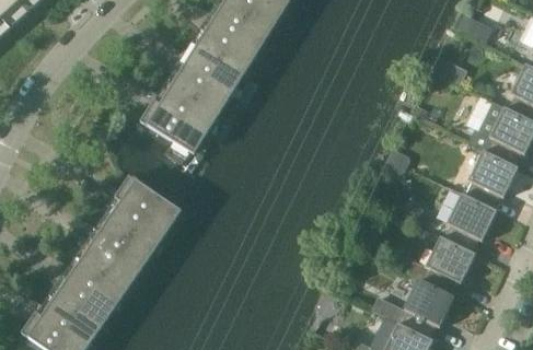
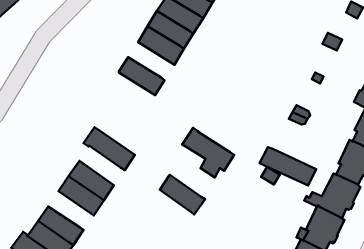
building: [173,62,233,112] -> none
building: [140,96,208,161] -> [182,128,234,177]
building: [109,197,169,248] -> [160,175,205,214]
building: none -> [260,147,316,185]
building: [69,256,128,306] -> none

